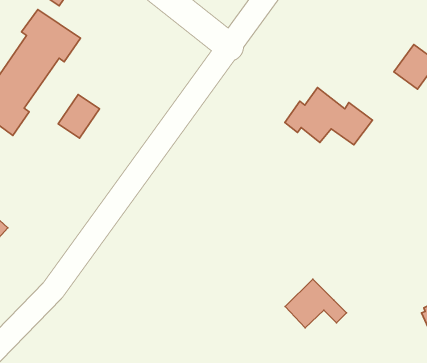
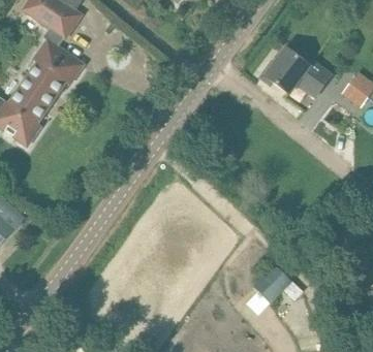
building: [285,88,372,145] -> [258,49,331,96]
building: [58,94,99,138] -> none

